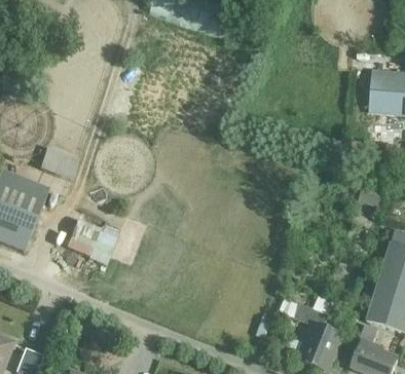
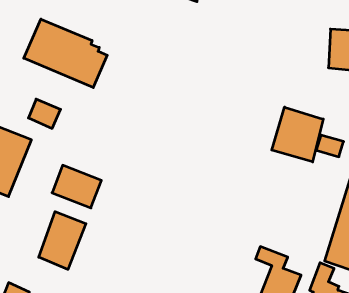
building: none -> [24,19,107,88]
building: none -> [272,107,323,162]
building: none -> [39,212,86,269]

